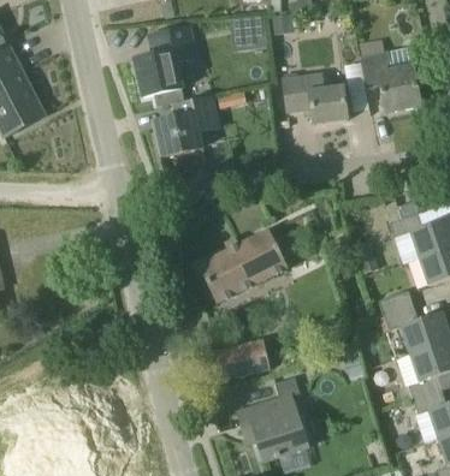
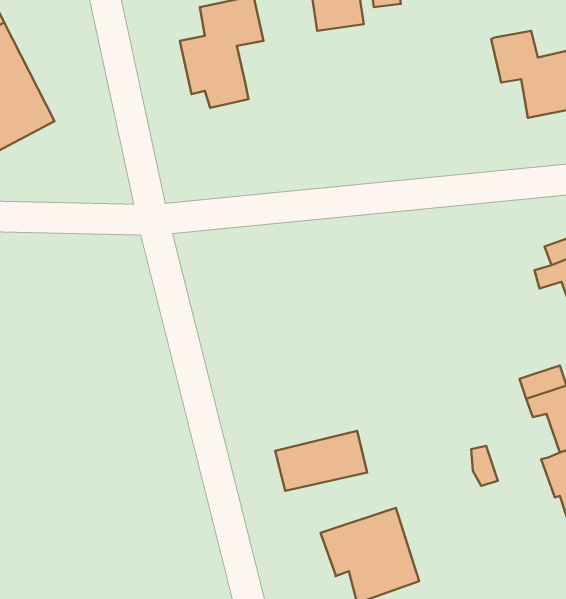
building: [283,75,348,124] -> none
building: [153,95,218,156] -> none
building: [197,228,288,303] -> none

